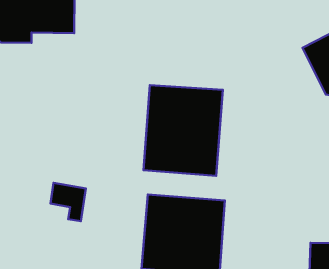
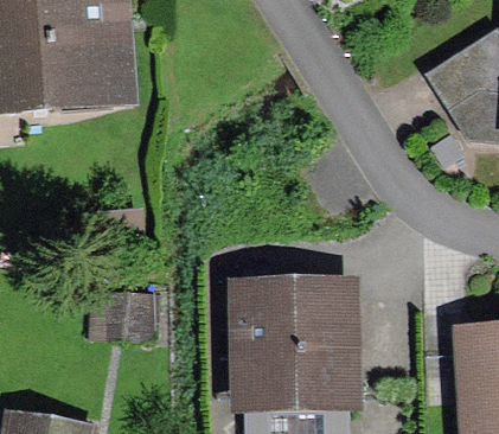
building: [143,85,223,176] -> none

